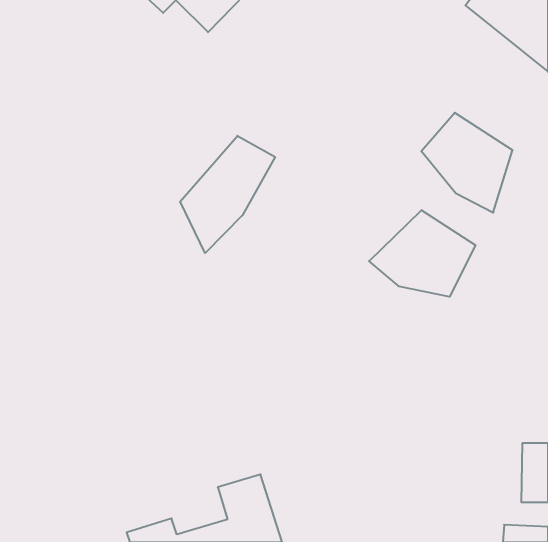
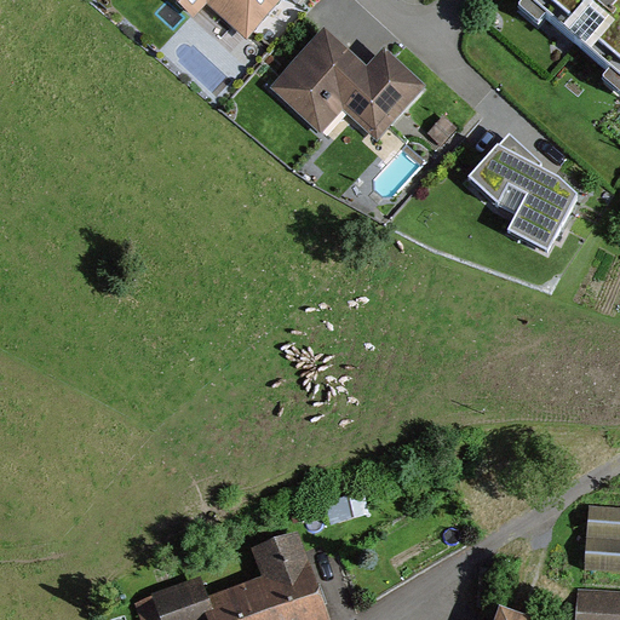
building: none -> [271,35,423,143]
building: [180,136,275,253] -> none
building: [369,210,475,297] -> none

